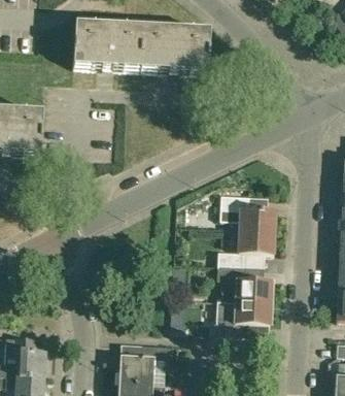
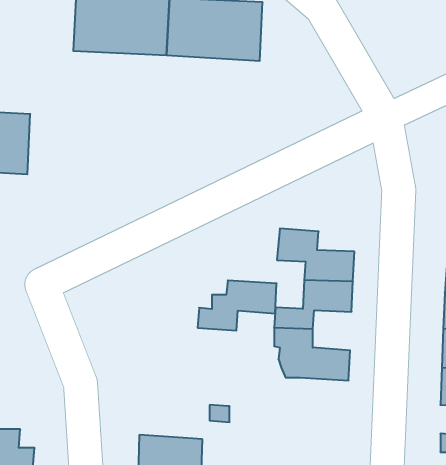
building: [214,303,271,339] -> [198,280,277,331]

